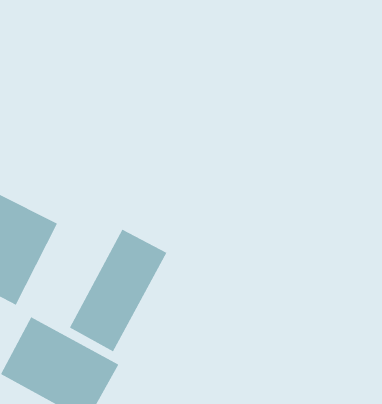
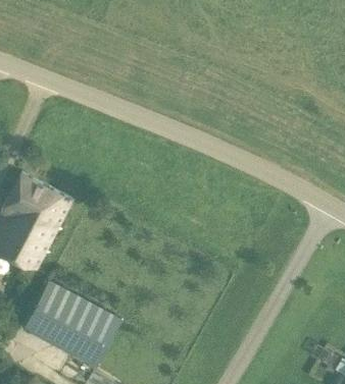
building: [69,229,167,352] -> none

